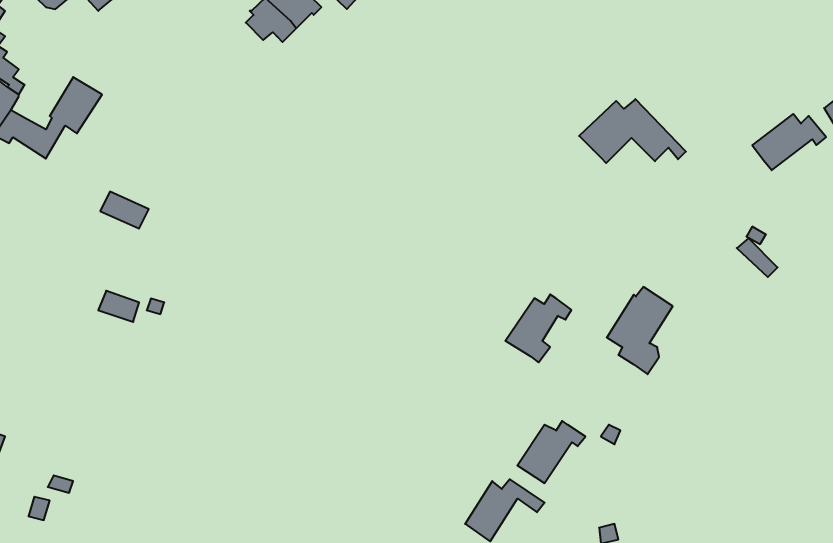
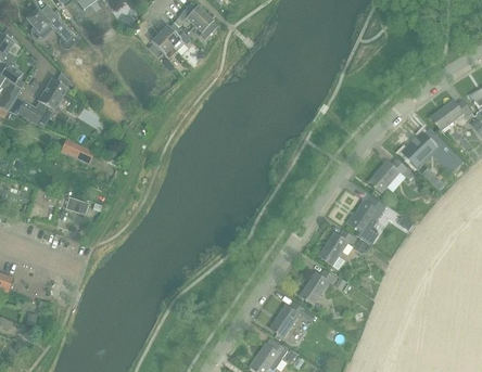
building: [579,99,686,163] -> [402,130,461,166]
building: none -> [368,158,413,191]
building: [505,294,571,362] -> [318,229,355,267]

